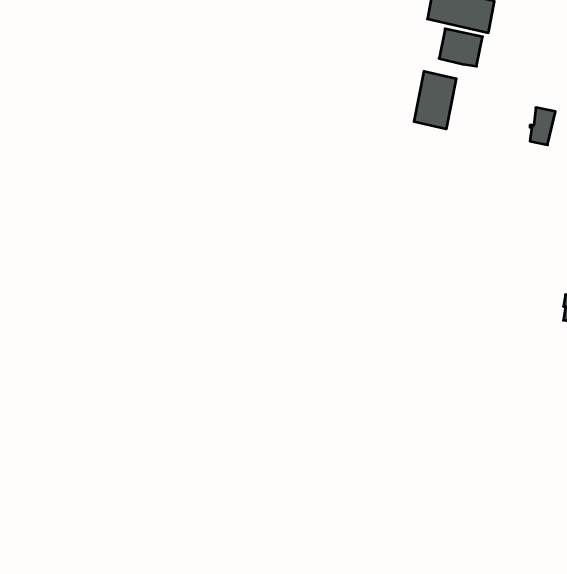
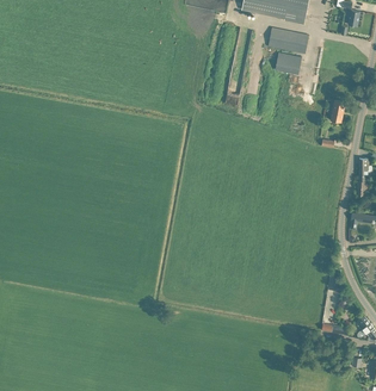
building: [414,71,456,129] -> none

